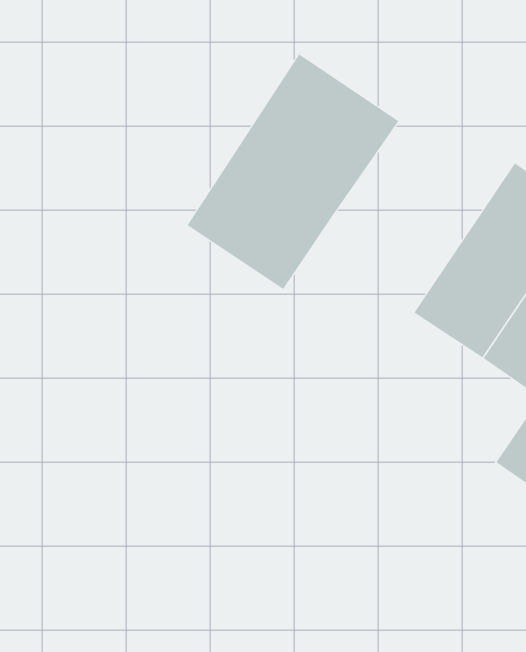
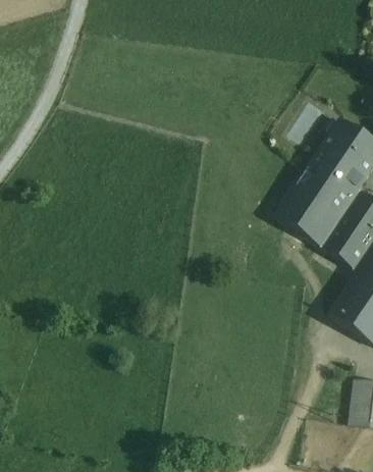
building: [187,54,399,290] -> none

